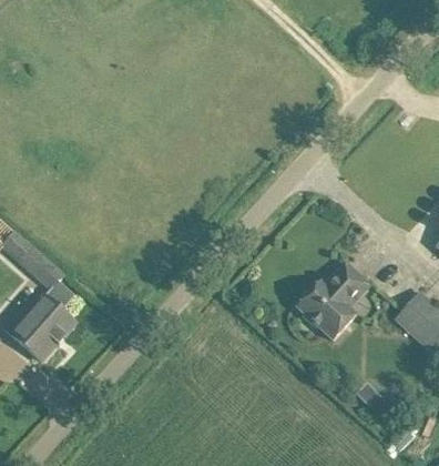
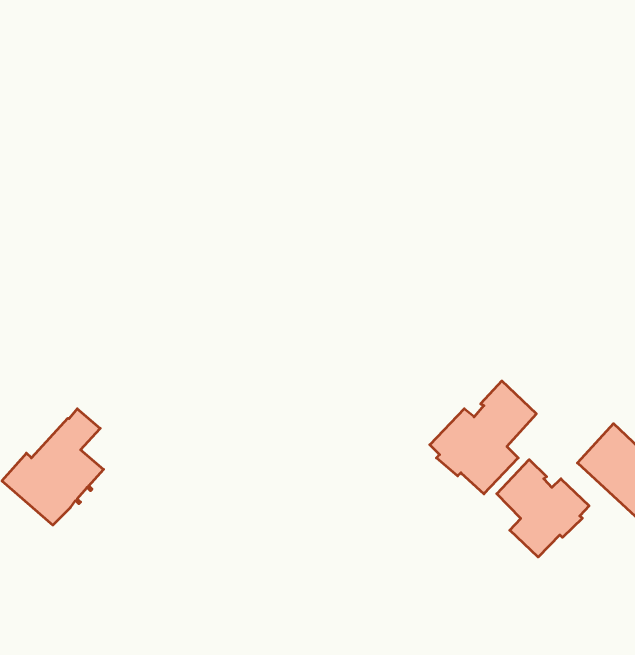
building: [19,245,63,287] -> none
building: none -> [497,460,589,557]

